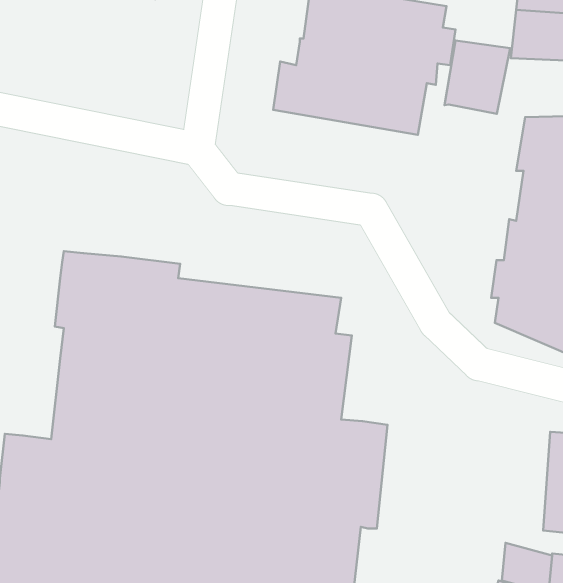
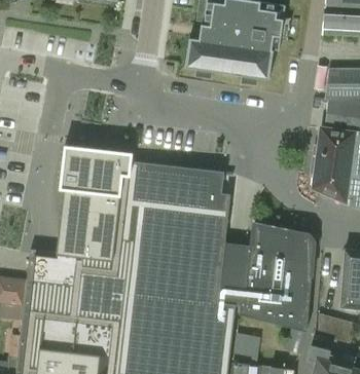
building: [444,41,510,114] -> none
building: none -> [239,225,315,333]

